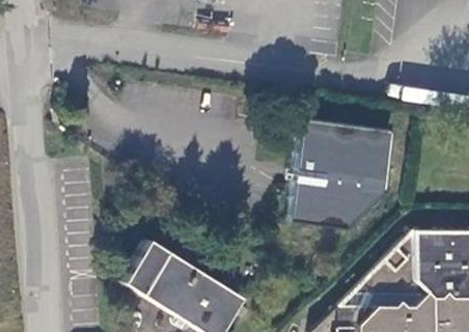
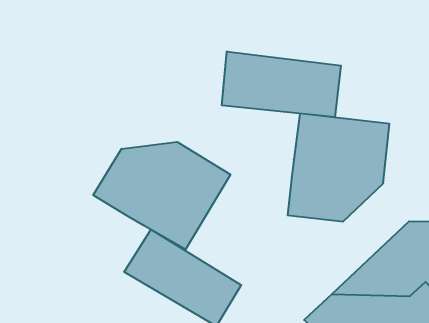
building: none -> [222,51,341,117]
building: none -> [93,142,230,250]

